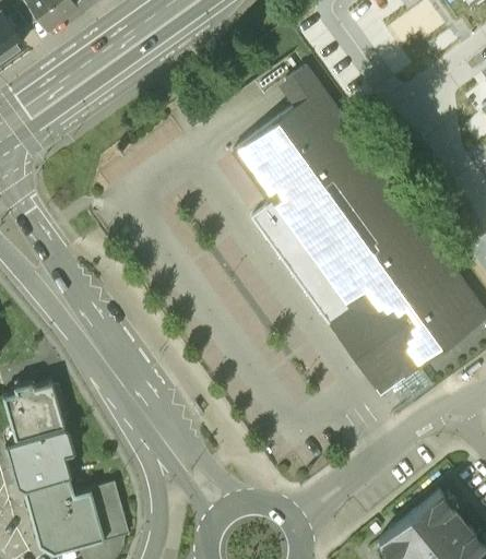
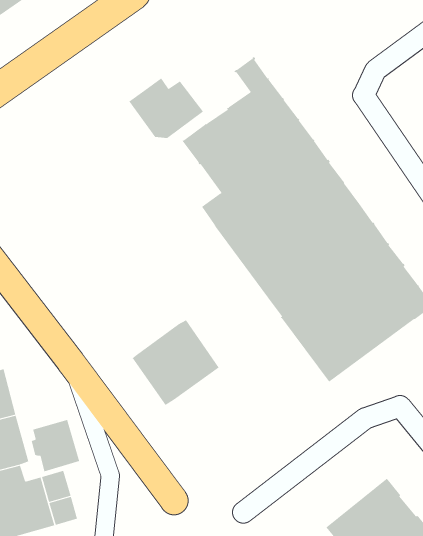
building: none -> [129,78,204,139]
building: none -> [132,320,220,406]
building: none -> [31,419,80,472]

